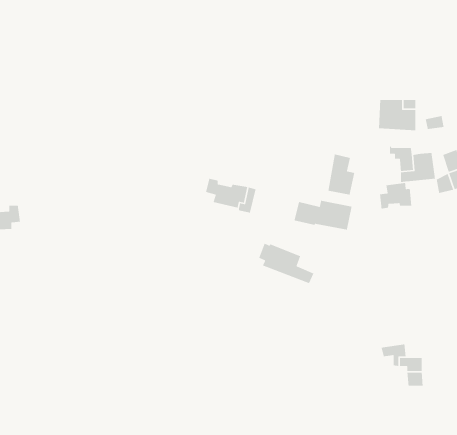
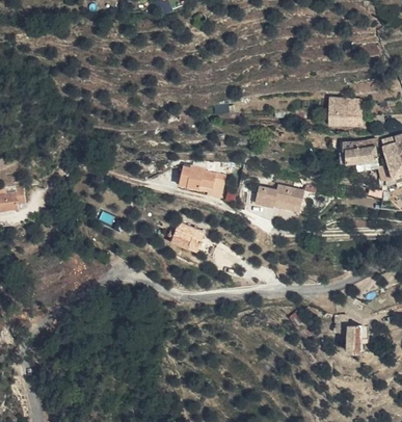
building: [328,154,355,195] -> none
building: [379,182,412,209] -> none
building: [258,242,315,284] -> [168,222,216,258]

